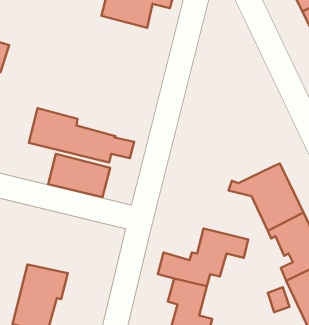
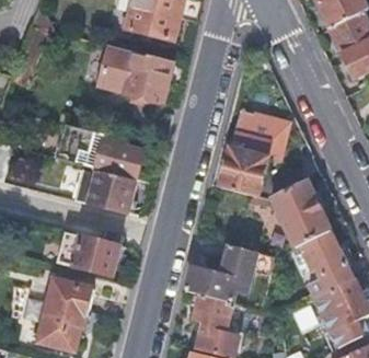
building: none -> [96,45,185,103]
building: none -> [220,111,299,199]
building: none -> [57,230,120,277]

